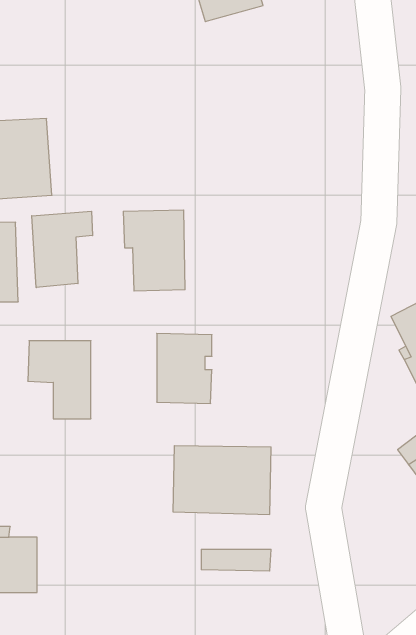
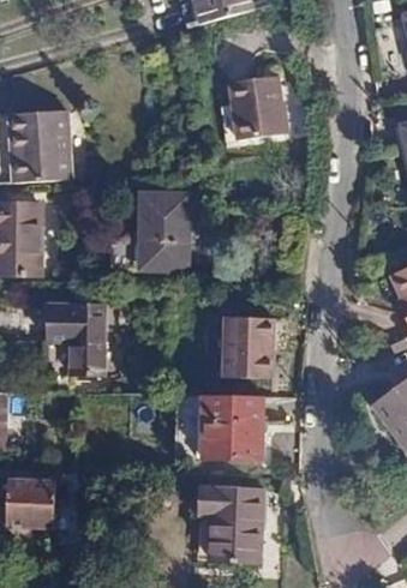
building: none -> [232,76,286,140]
building: [32,211,93,288] -> none
building: [157,333,212,403] -> [223,319,273,382]
building: none -> [199,510,261,563]

